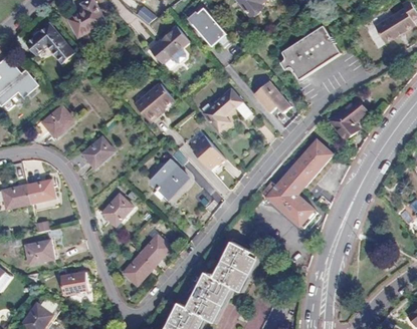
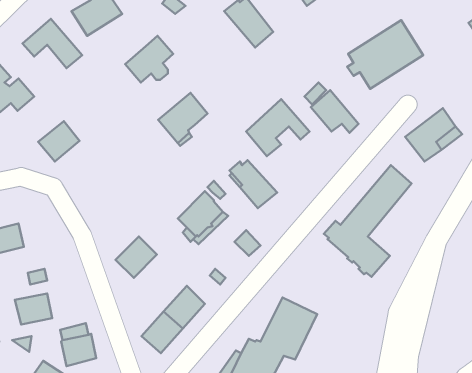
building: [152,27,189,63] -> [125,36,173,82]
building: [82,137,114,169] -> none
building: [26,180,55,203] -> none

